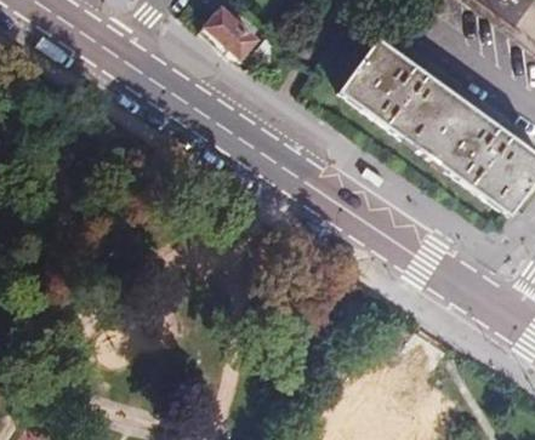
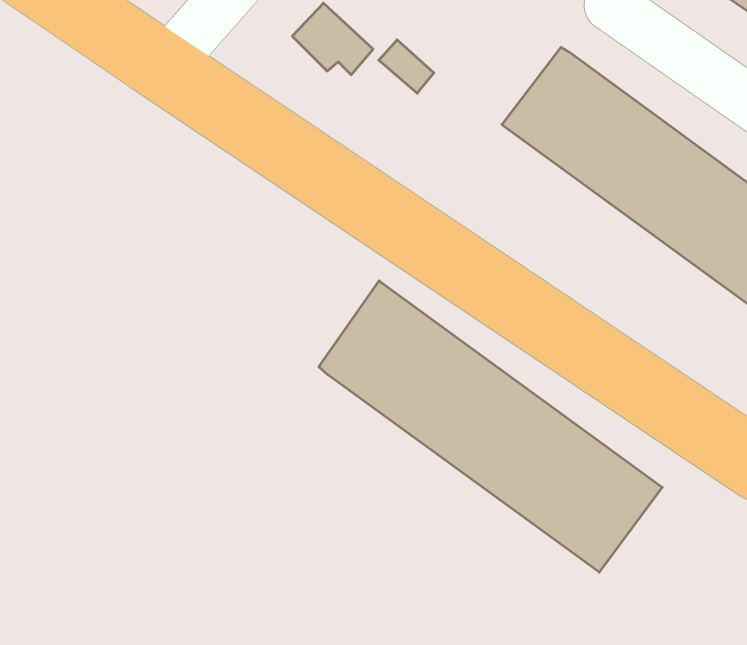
building: none -> [319,281,662,572]

